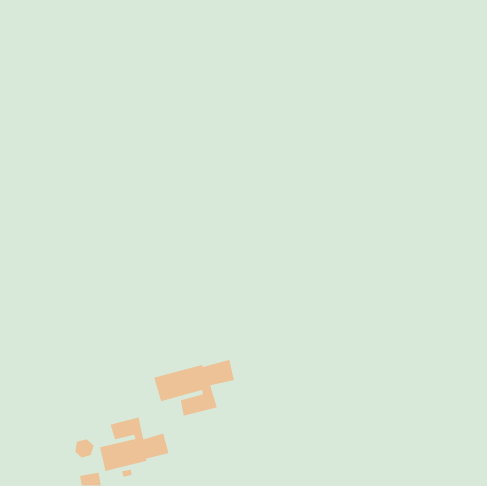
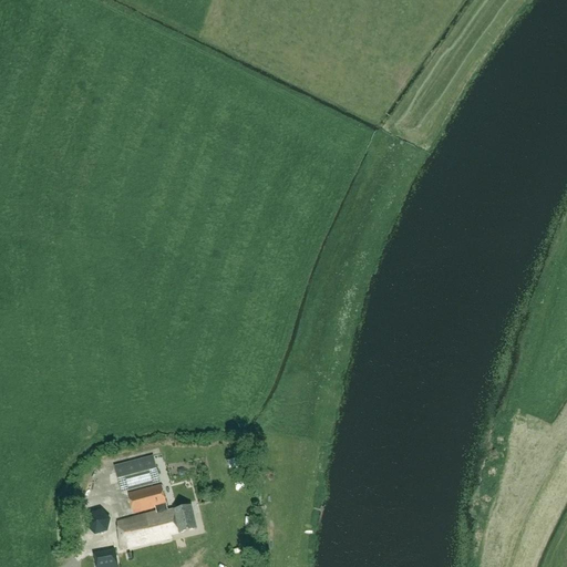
building: [153,359,235,417] -> none
building: none -> [114,454,159,491]

